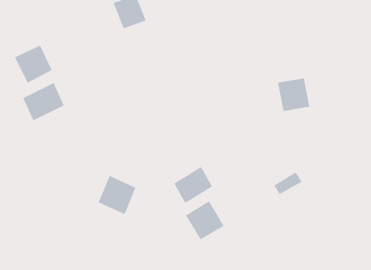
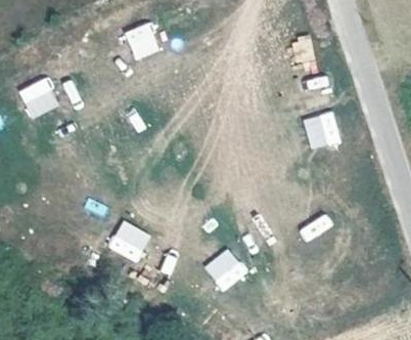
building: [23,82,64,121] -> none
building: [174,166,213,204] -> none

